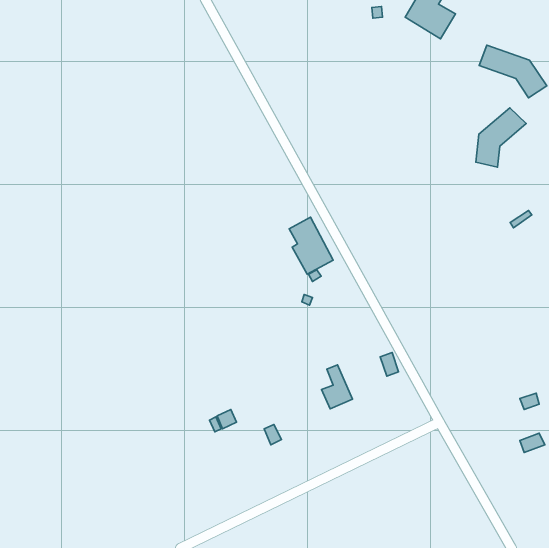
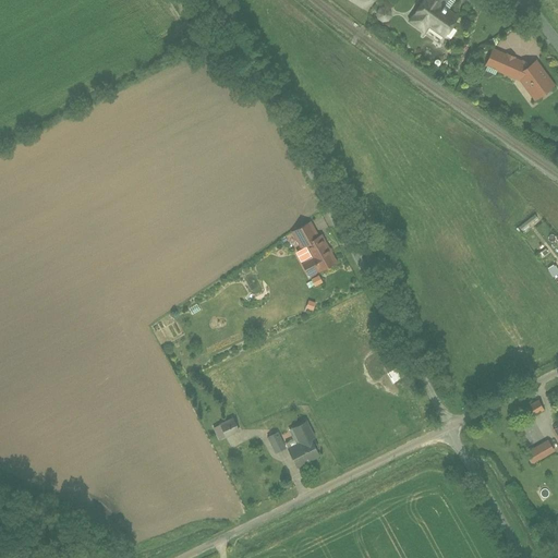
building: [476,108,526,167] -> none
building: [321,365,353,409] -> [287,418,318,463]

